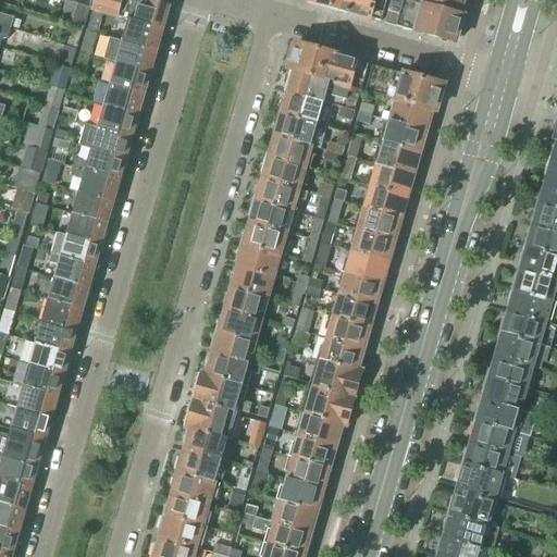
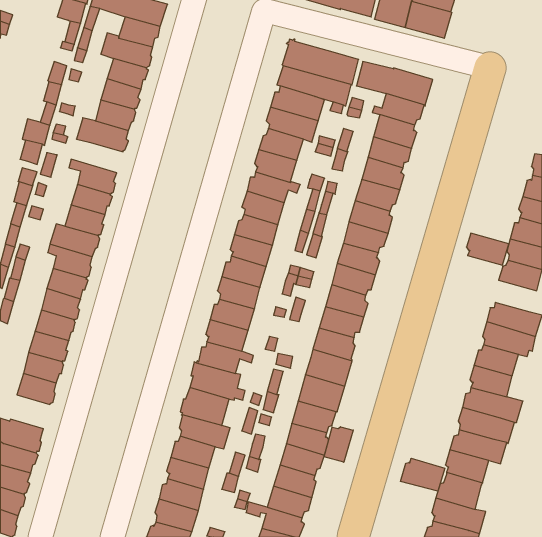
building: [73,146,127,177] -> none
building: [507,287,550,320] -> [466,233,509,265]
building: [11,405,53,440] -> none
building: none -> [324,427,353,462]
building: none -> [400,458,445,491]

